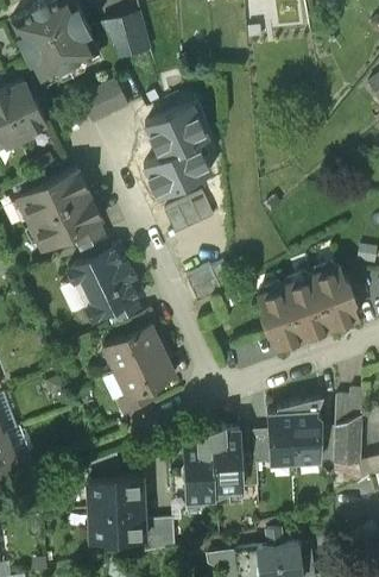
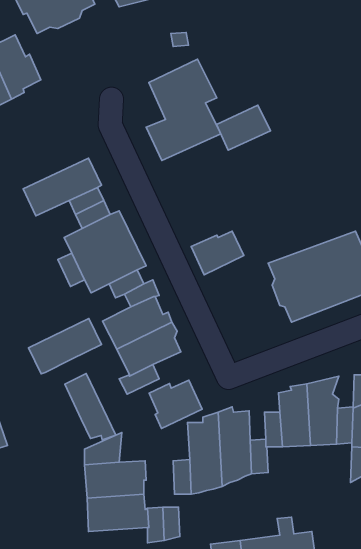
building: [82,81,127,121] -> none
building: [18,169,90,224] -> none
building: [165,193,215,234] -> [217,105,271,150]
building: none -> [28,318,101,374]
building: none -> [65,373,116,440]
building: none -> [149,380,202,429]

